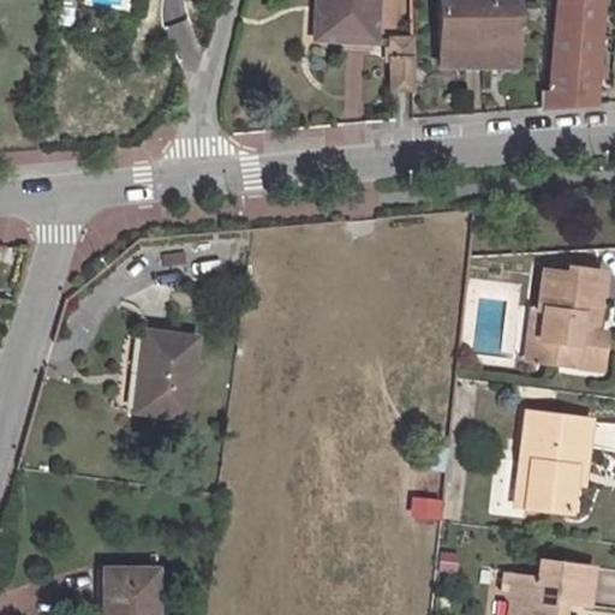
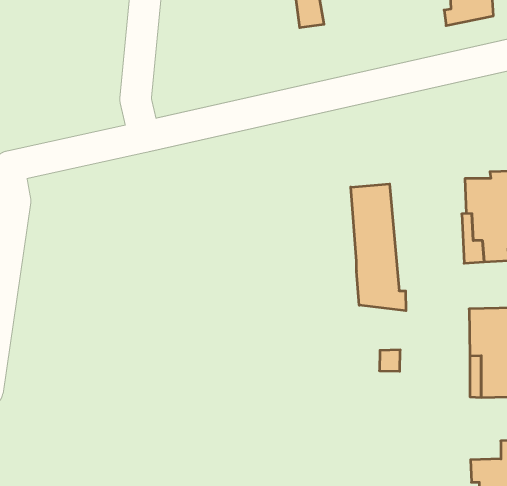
building: none -> [351,184,406,311]
building: [141,330,198,418] -> none

